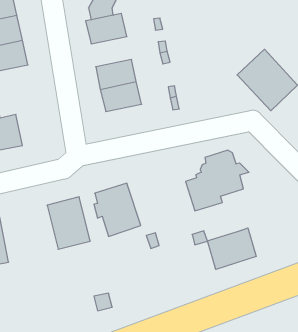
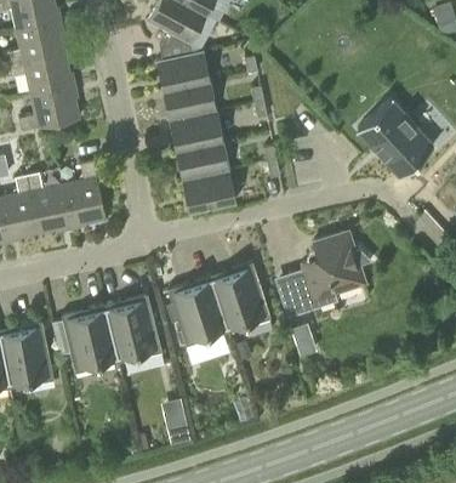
building: none -> [163,83,216,123]
building: none -> [63,163,106,227]
building: none -> [182,172,235,212]
building: none -> [210,263,270,333]
building: none -> [58,306,119,374]
building: [208,228,256,269] -> none

